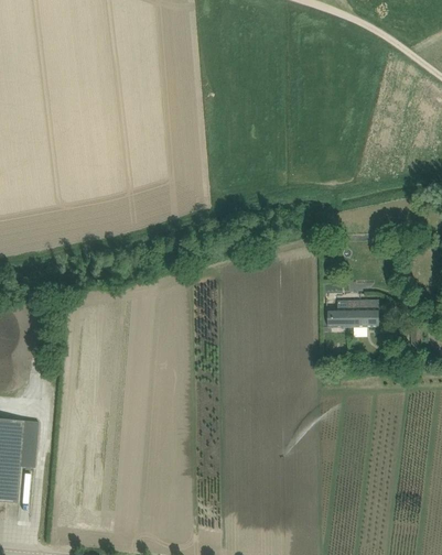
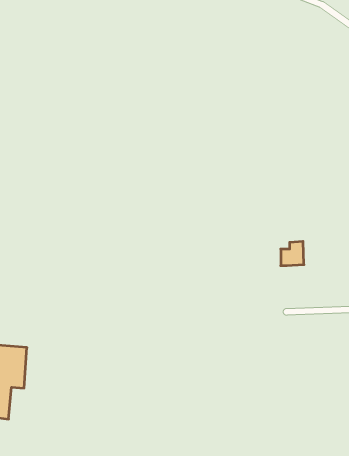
building: [352,300,378,326] -> none

